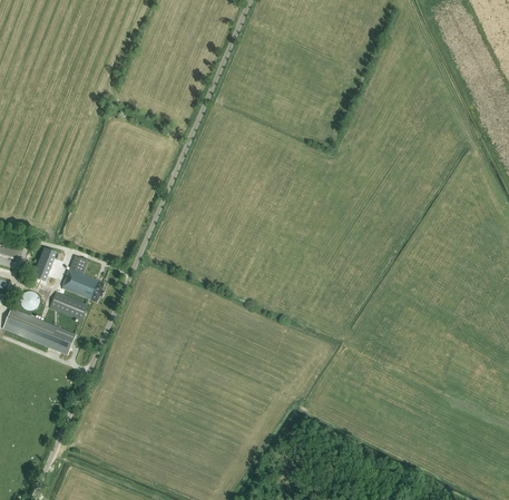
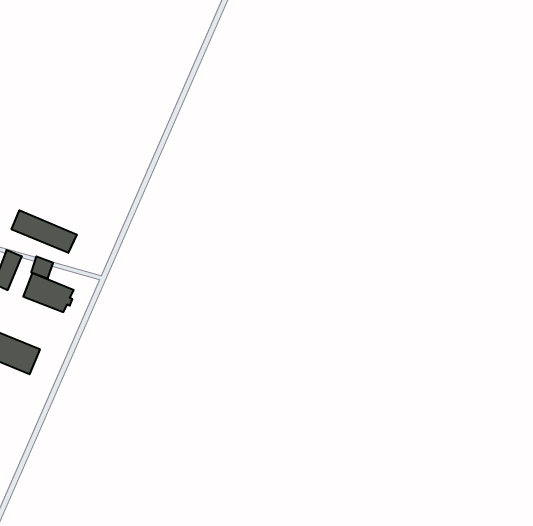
building: none -> [12,210,77,253]
building: [49,291,88,321] -> none

